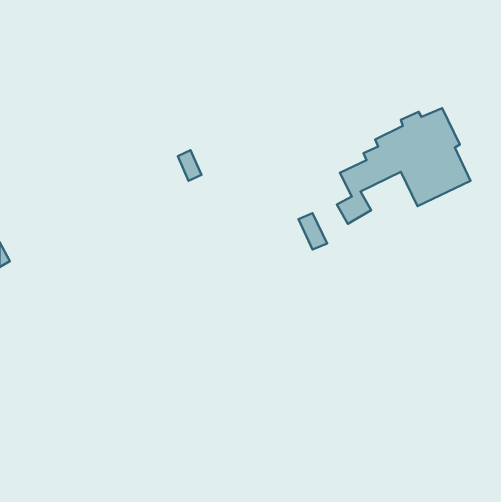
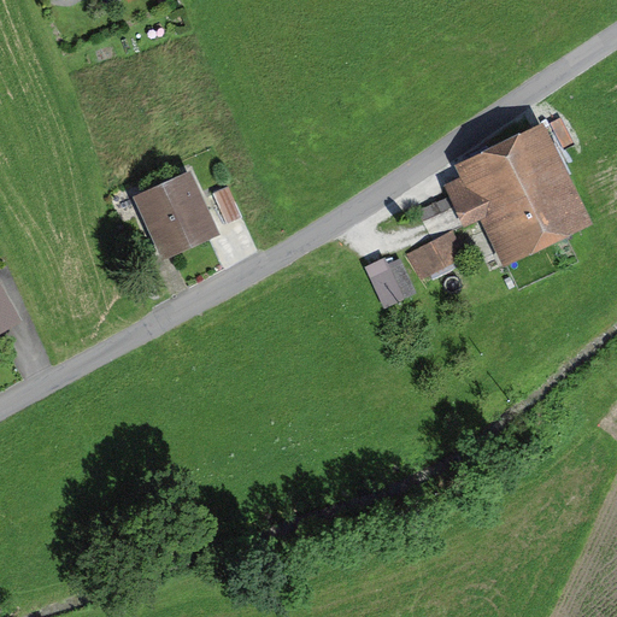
building: none -> [141,175,206,249]

